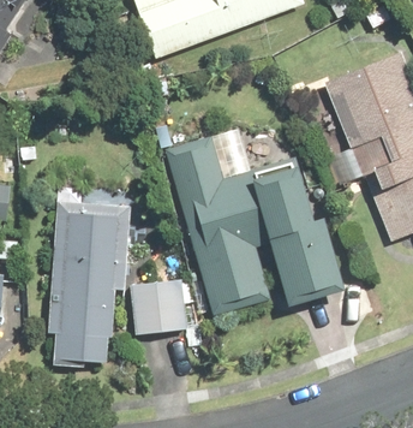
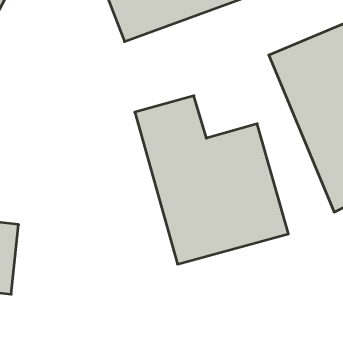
building: [49,195,127,370] -> none
building: [133,279,199,338] -> none

